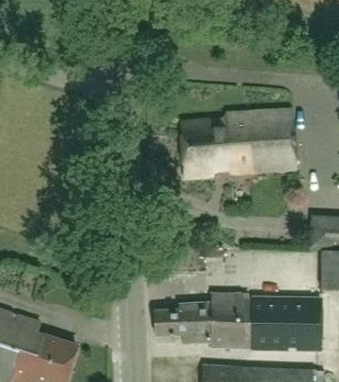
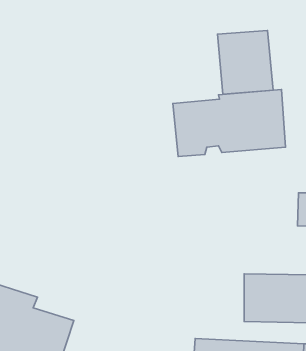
building: none -> [217,30,273,94]
building: [155,292,253,347] -> none

